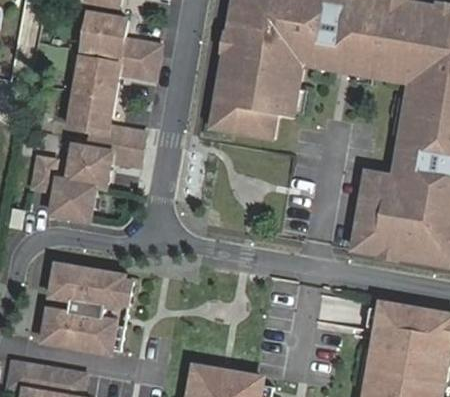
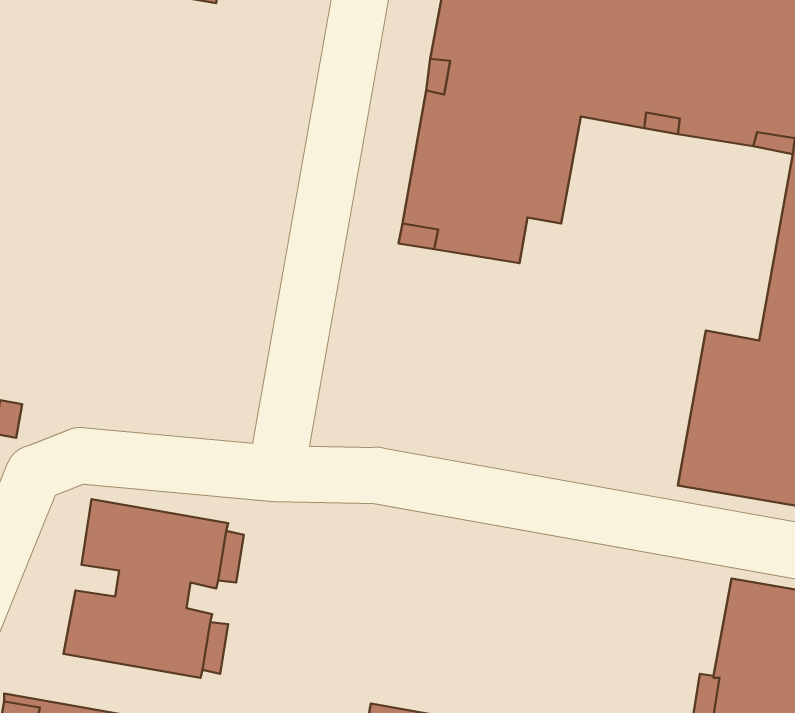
building: [24,15,157,223] -> none

